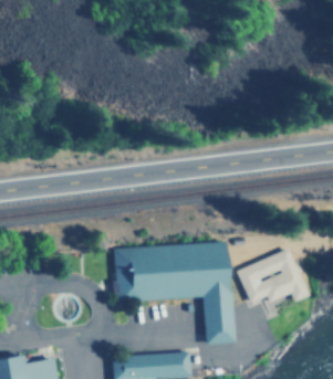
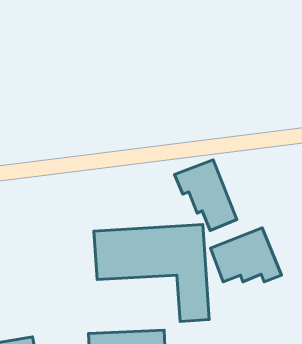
building: none -> [175,160,237,230]

